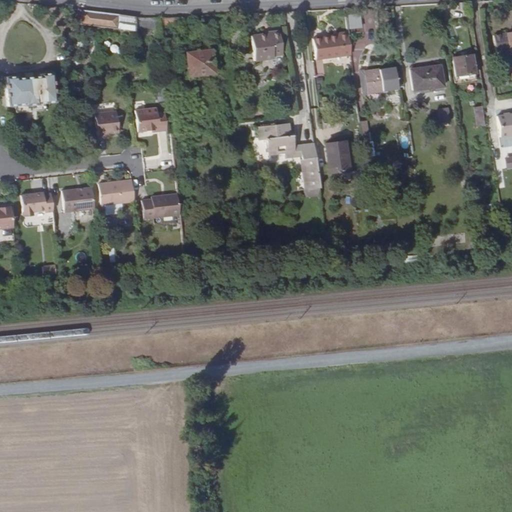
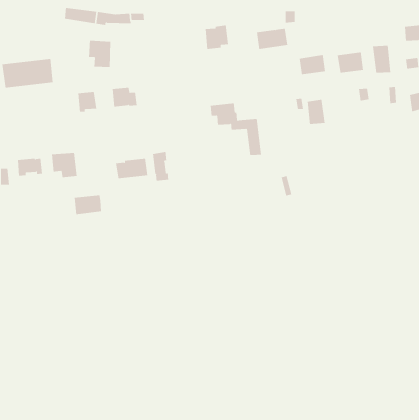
building: none -> [88,40,111,68]
building: [182,51,209,78] -> none
building: [327,140,350,171] -> [307,99,326,125]
building: [101,178,135,202] -> [74,195,102,215]
building: none -> [152,151,169,181]

